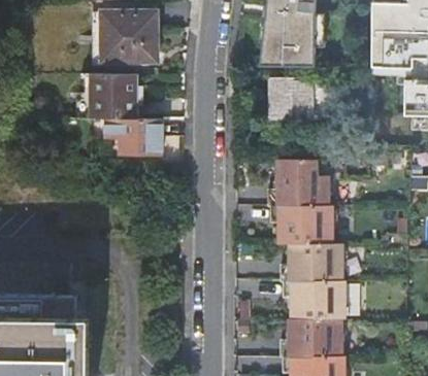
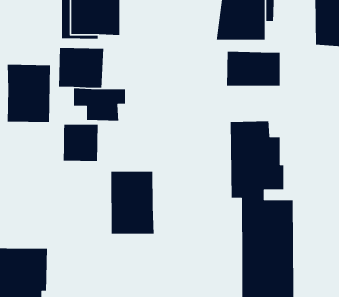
building: none -> [7,64,51,123]
building: none -> [63,124,99,162]
building: none -> [110,171,155,234]

